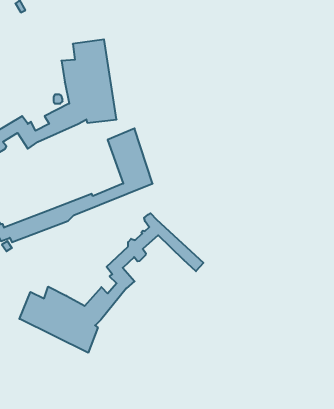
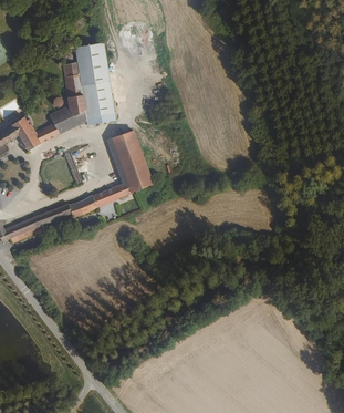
building: [19,213,203,353] -> none

